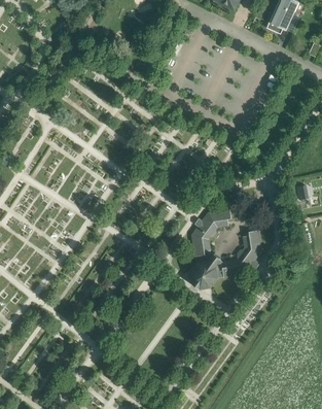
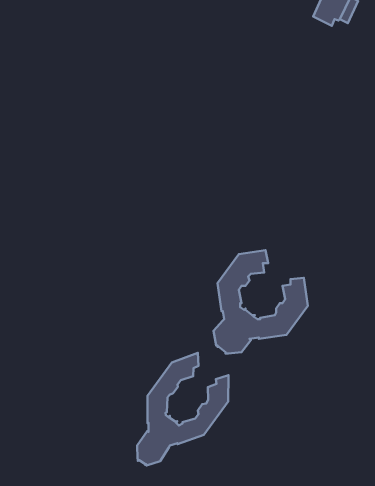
building: none -> [137,353,228,466]

